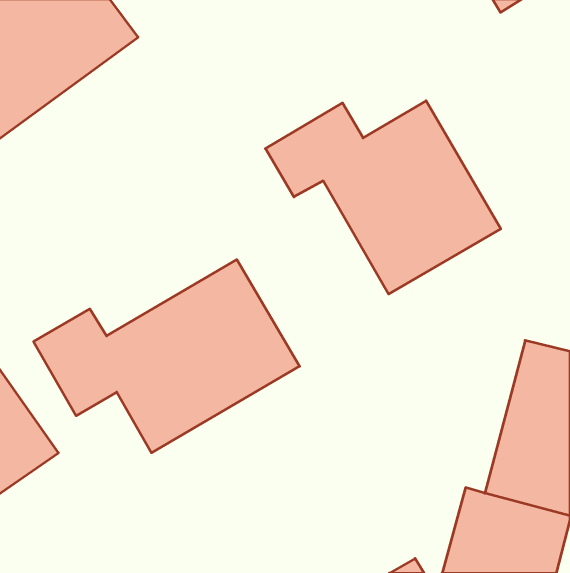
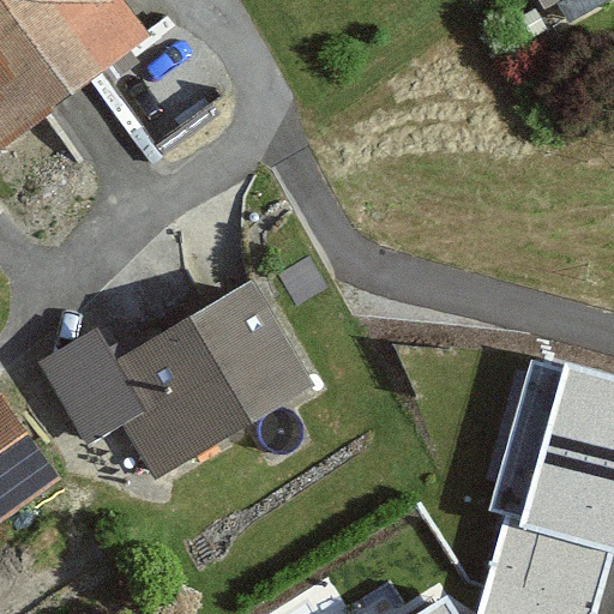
building: [265,101,501,294] -> none

